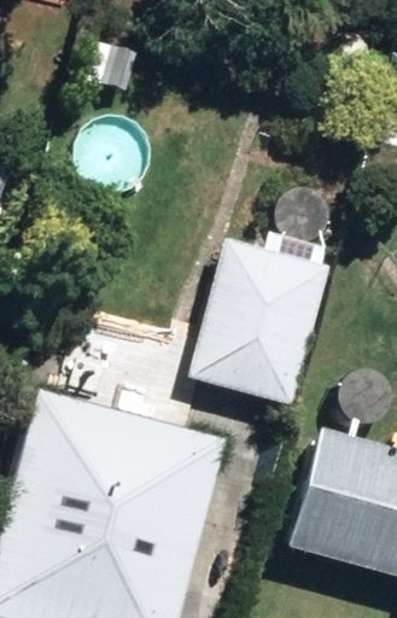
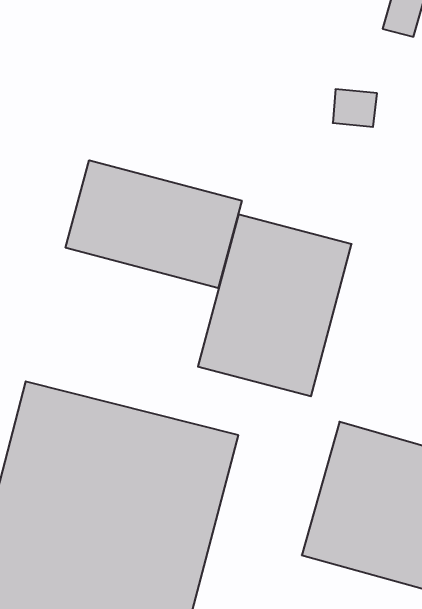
building: none -> [66,160,242,288]

